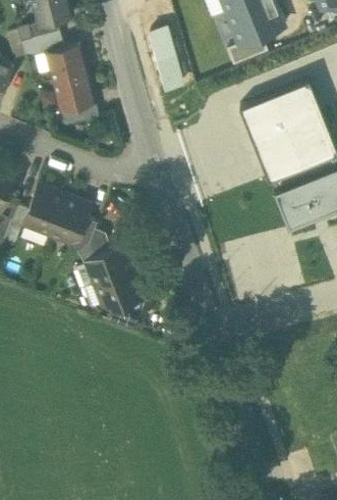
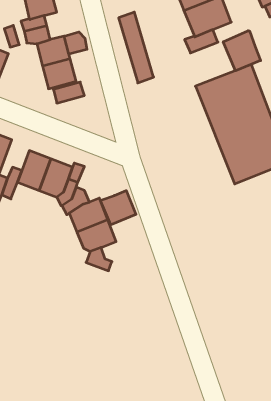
building: none -> [223,31,261,71]
building: none -> [64,32,87,54]
building: none -> [101,191,136,225]

